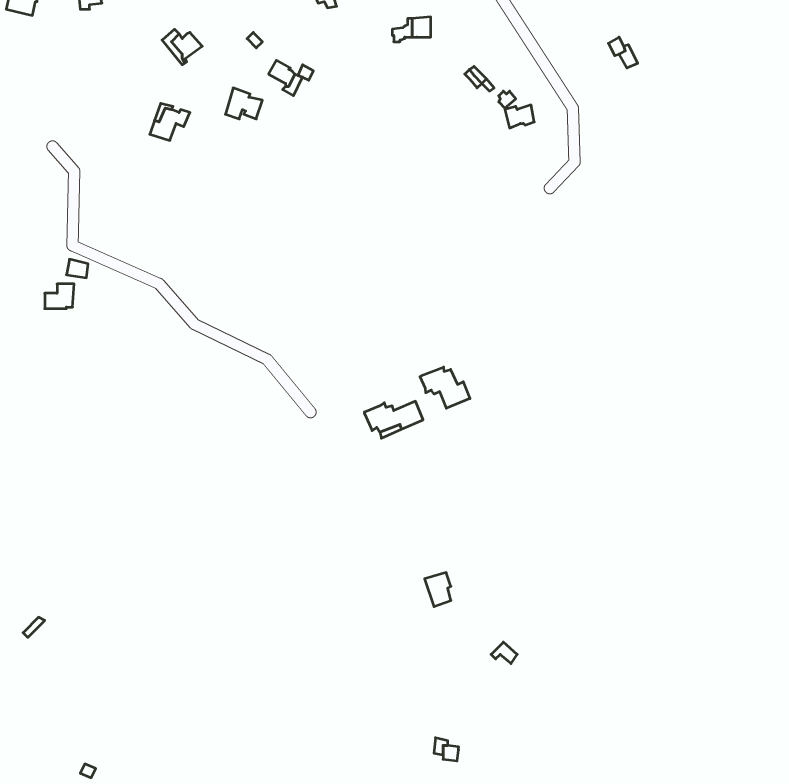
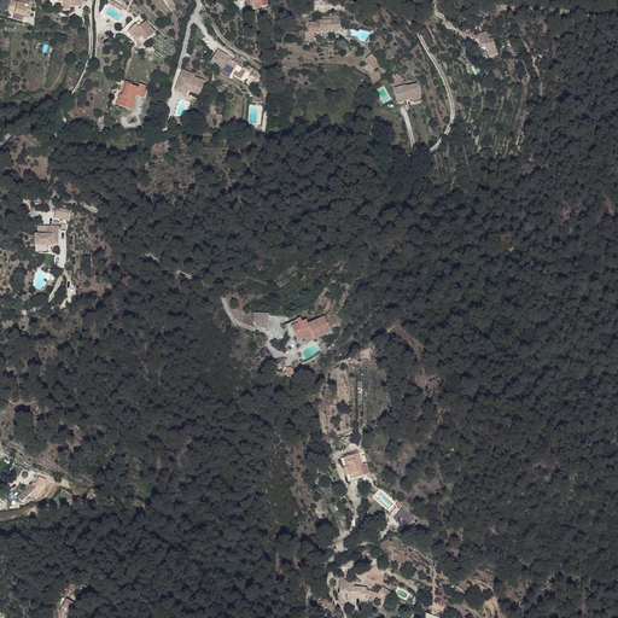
building: [420,367,470,408] -> none

